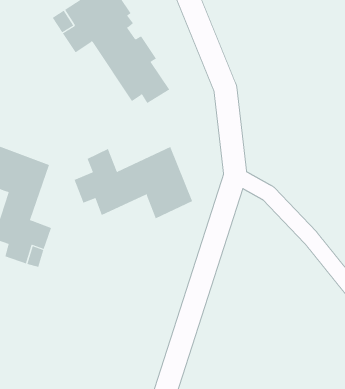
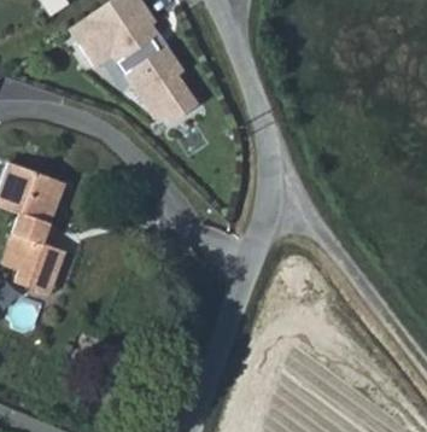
building: [74,146,193,219] -> none

